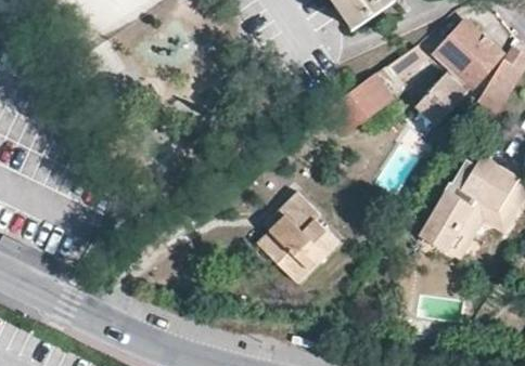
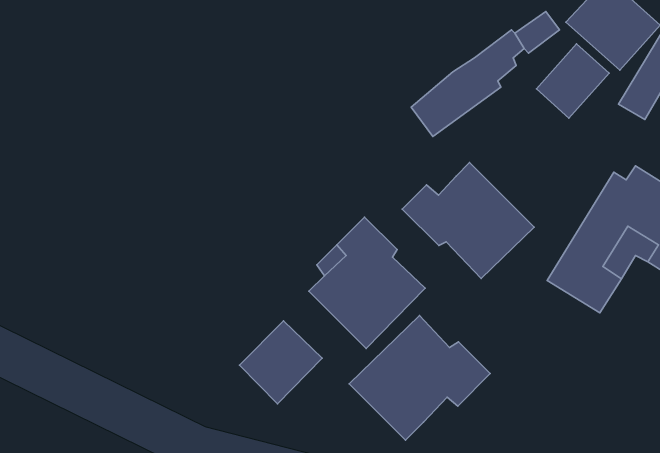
building: none -> [402,163,534,278]
building: none -> [349,315,490,440]
building: none -> [239,321,322,404]

